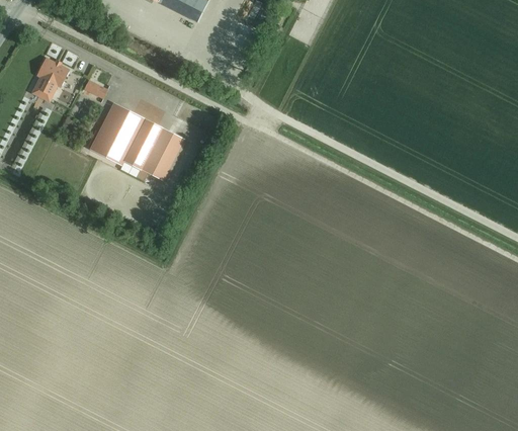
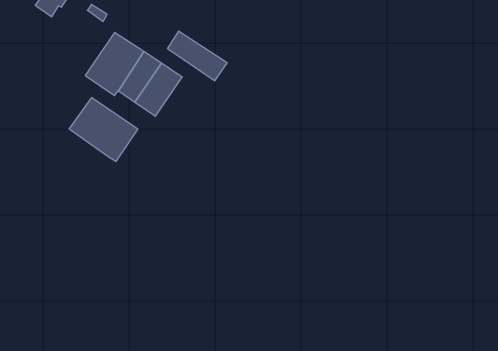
building: none -> [168,31,227,81]
building: none -> [69,98,138,162]

